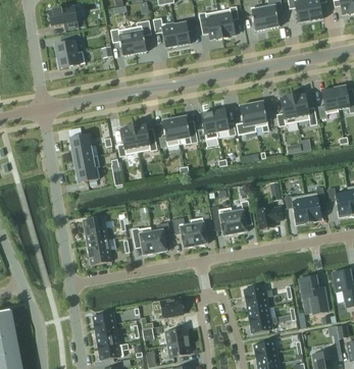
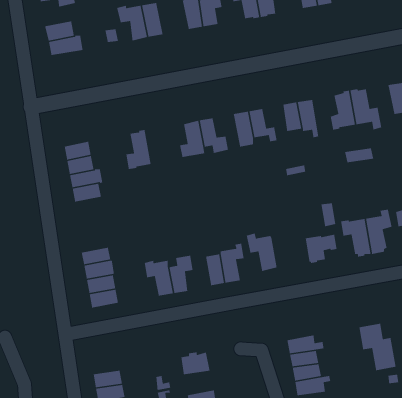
building: [133,123,157,152] -> none
building: [232,200,251,232] -> none

